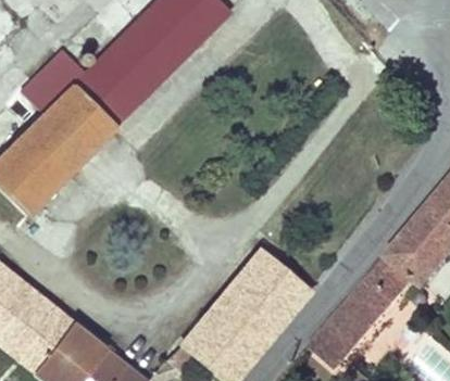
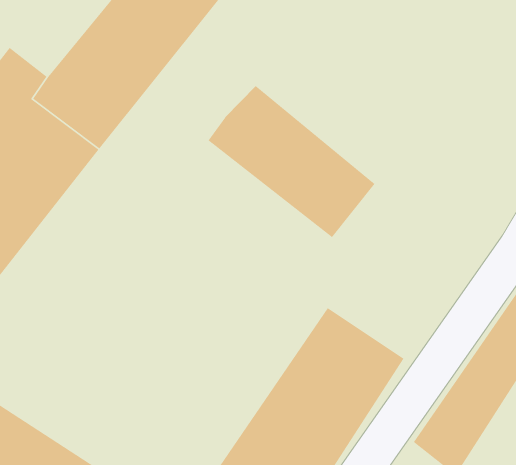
building: none -> [208,85,376,238]

